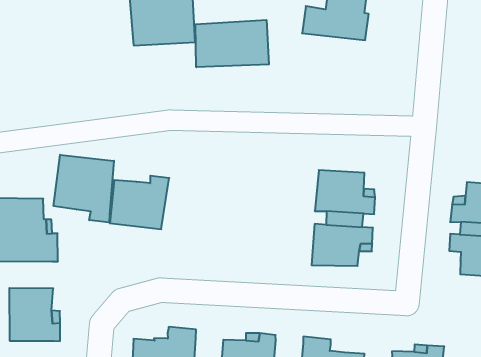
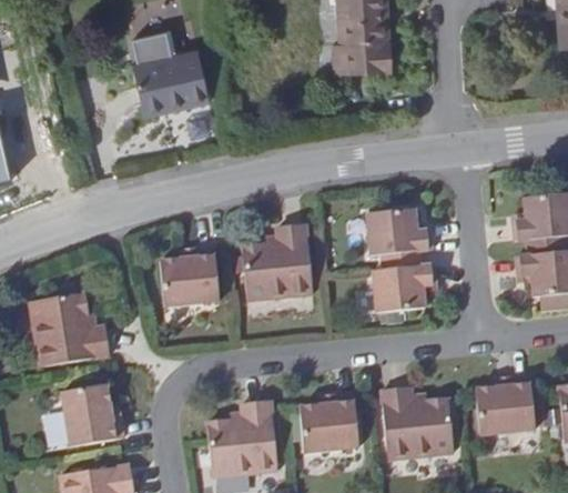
building: [196,20,269,67] -> none
building: [54,155,114,222] -> none
building: none -> [240,228,310,302]

